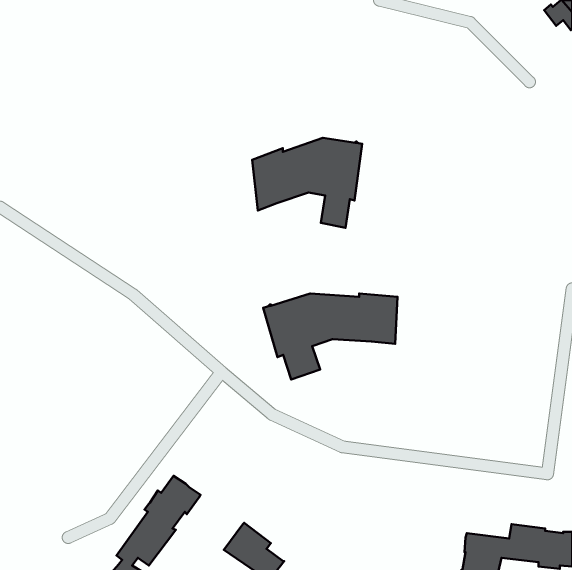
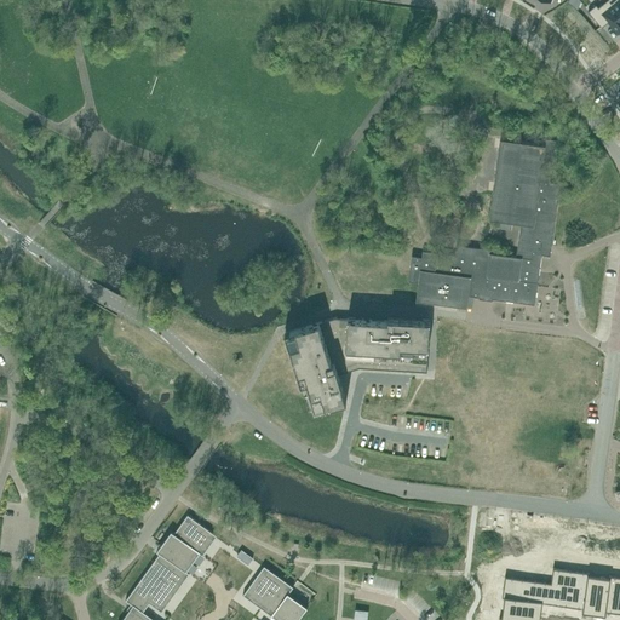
building: none -> [409,139,561,310]
building: [252,138,362,228] -> none

